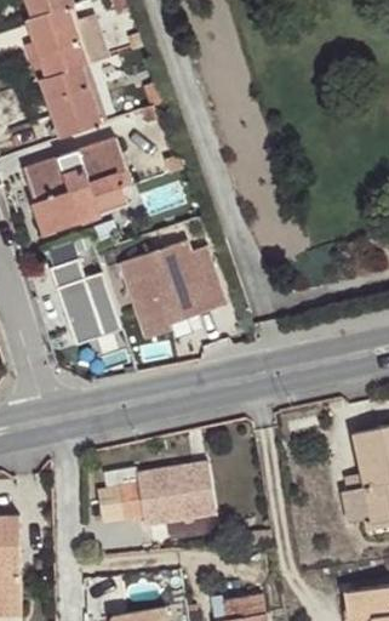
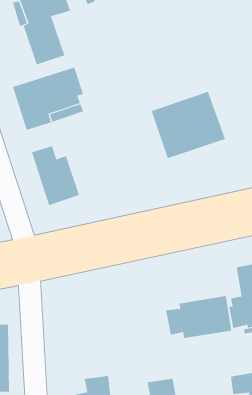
building: [120,233,230,332] -> [151,91,226,159]
building: [116,461,214,524] -> [165,295,232,338]

